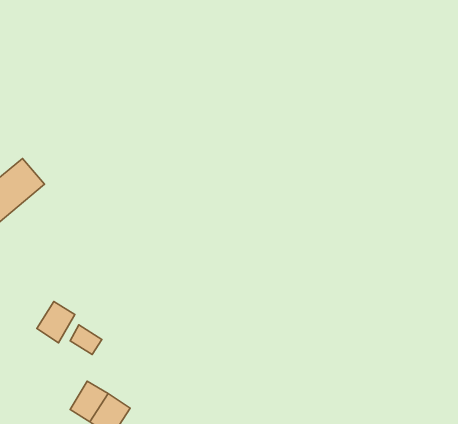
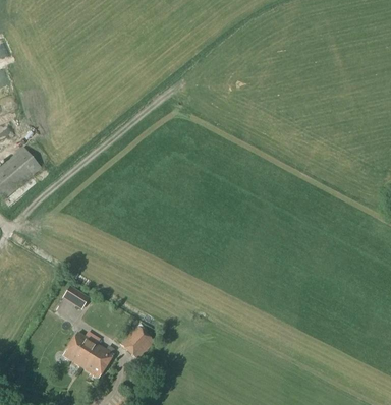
building: [37,302,75,343] -> none
building: none -> [119,324,155,359]

